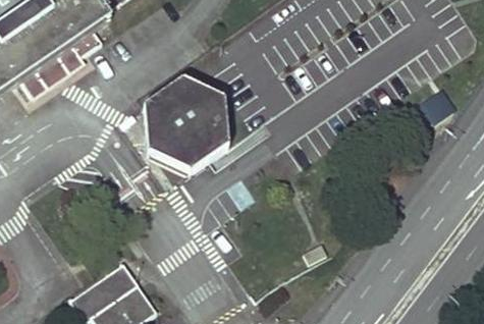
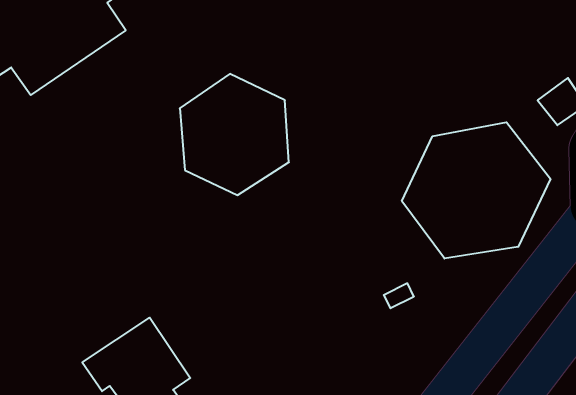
building: none -> [402,122,550,259]

